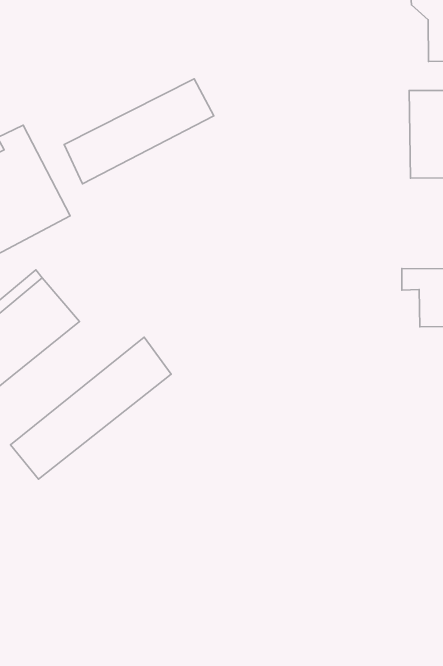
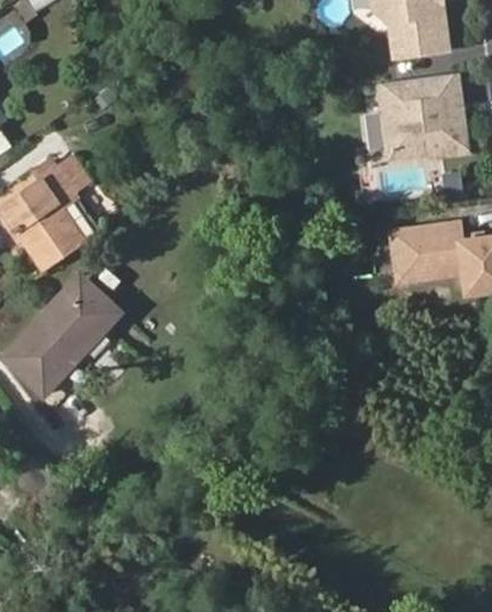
building: [64,79,214,184] -> none
building: [10,337,171,479] -> none

